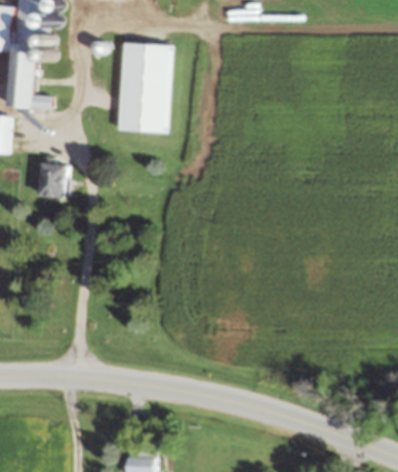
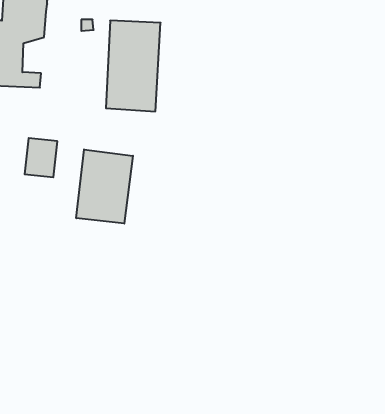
building: none -> [76,149,133,224]

